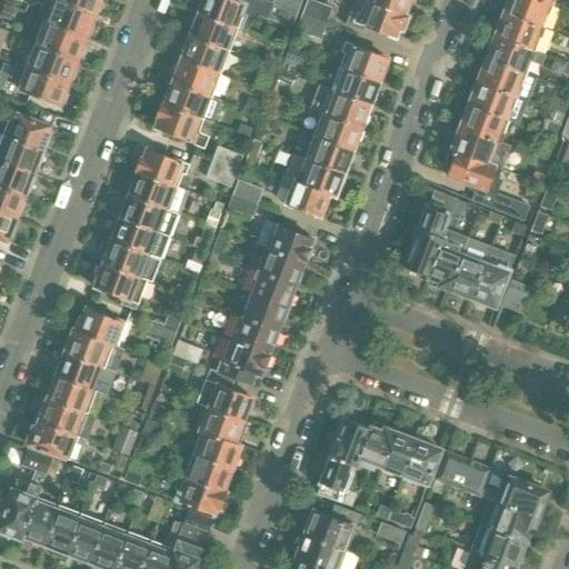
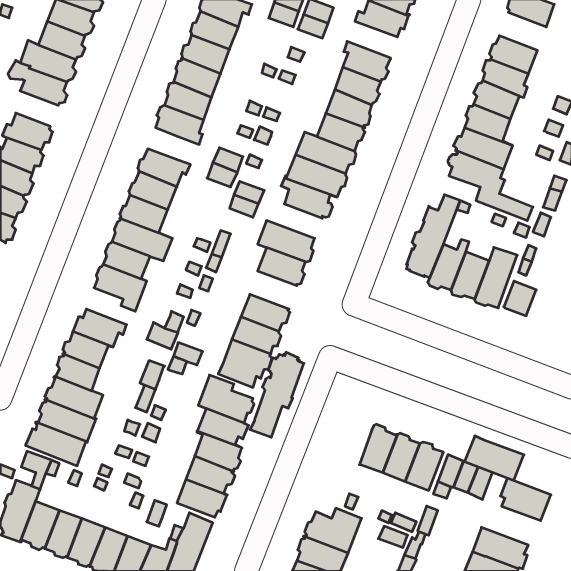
building: [496,12,543,50] -> none
building: [249,269,296,307] -> none
building: [317,416,370,500] -> [250,352,304,437]
building: [479,498,538,542] -> [465,436,524,481]

